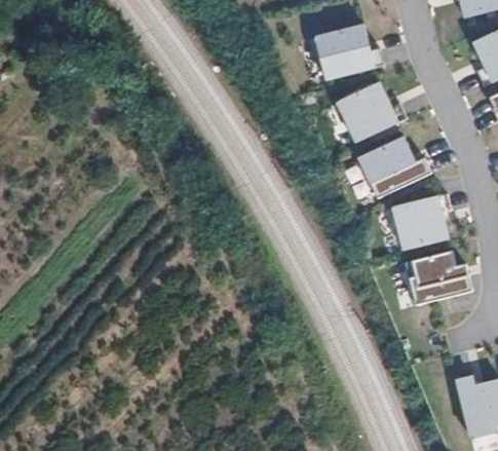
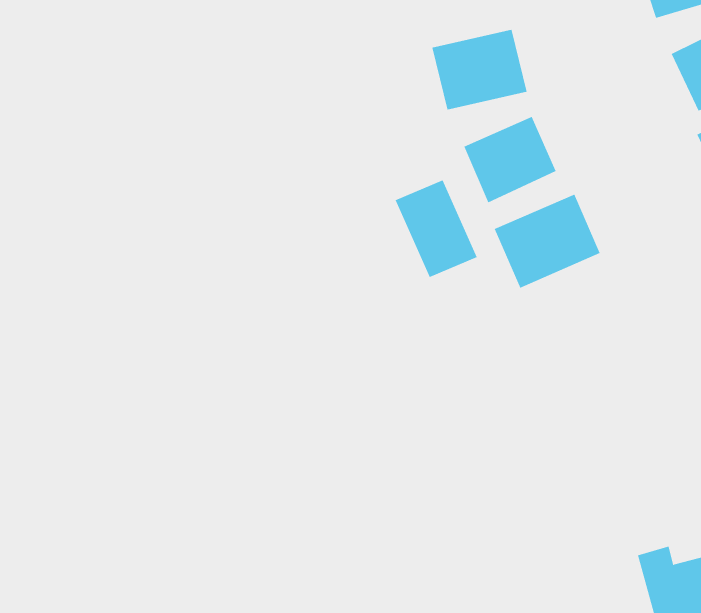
building: none -> [395,179,478,278]
building: [393,197,452,248] -> none
building: [410,250,474,301] -> none

